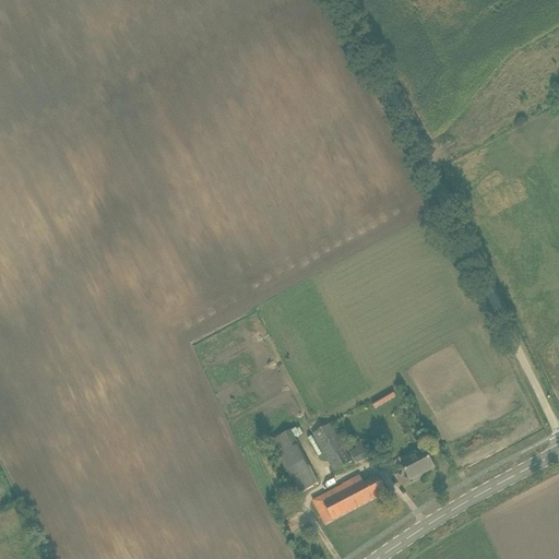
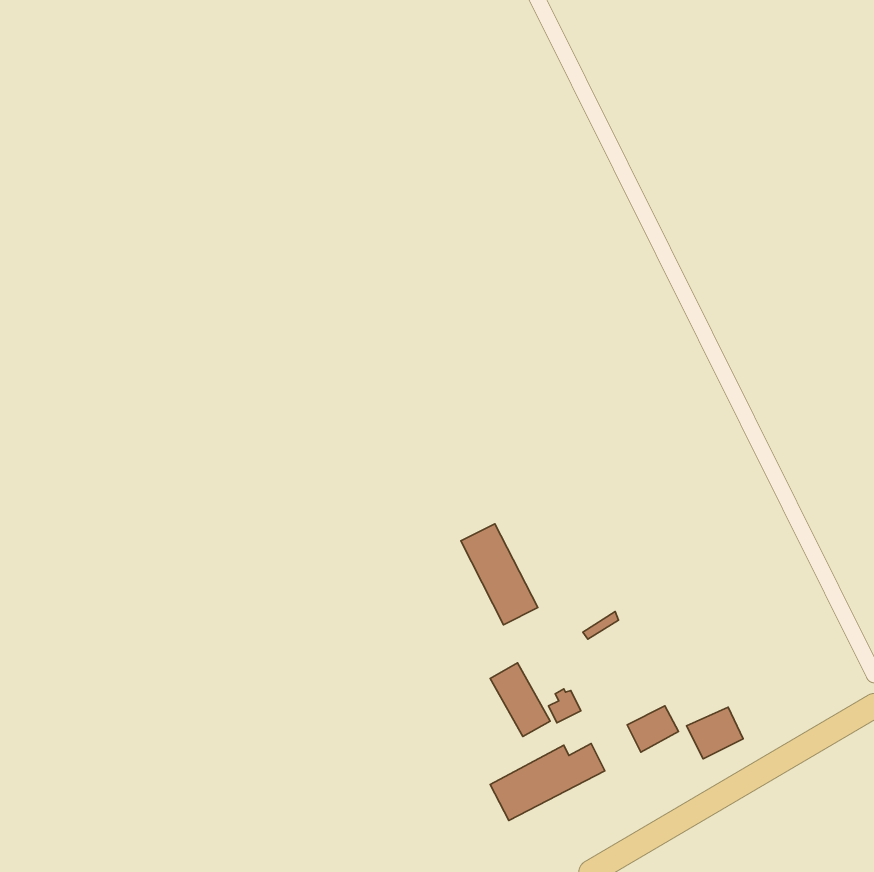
building: [269,429,318,493] -> [461,524,538,625]
building: none -> [687,707,743,759]

